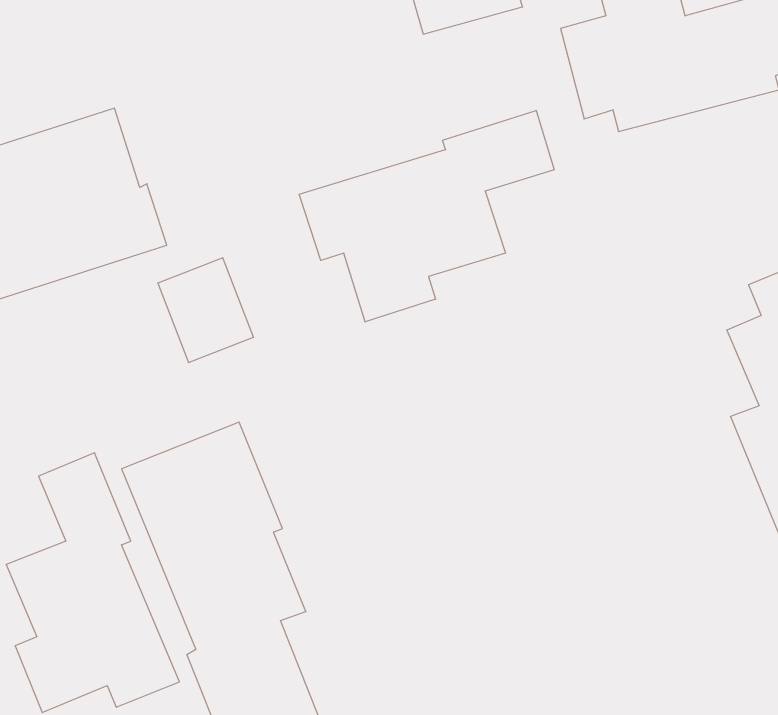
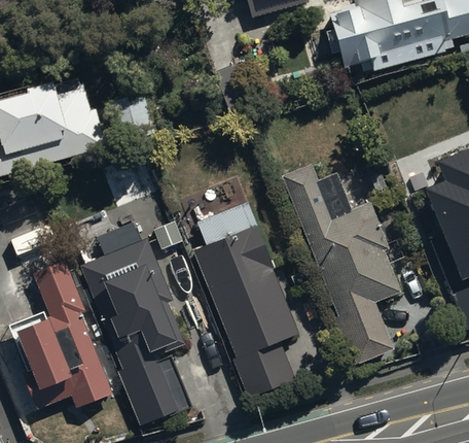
building: [299,110,554,322] -> none
building: none -> [283,162,402,354]
building: none -> [195,199,298,395]

